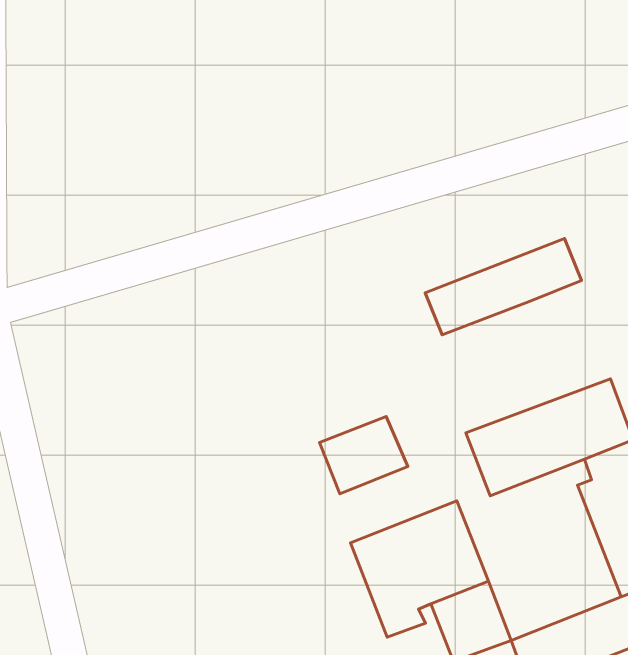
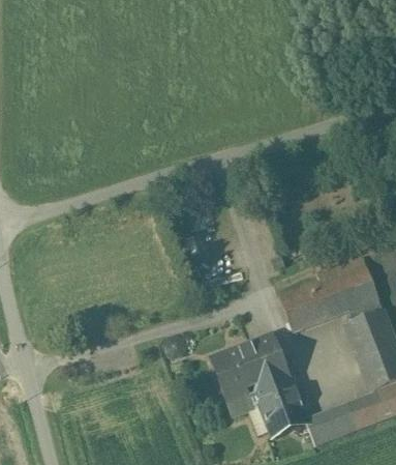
building: [425,239,581,335] -> none
building: [320,416,408,494] -> none

